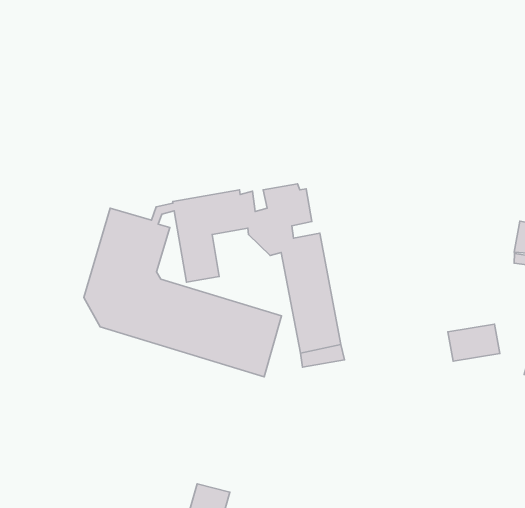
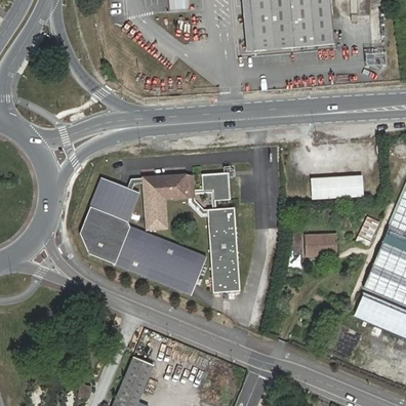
building: none -> [316,176,364,198]
building: [448,324,500,361] -> [300,235,332,255]

